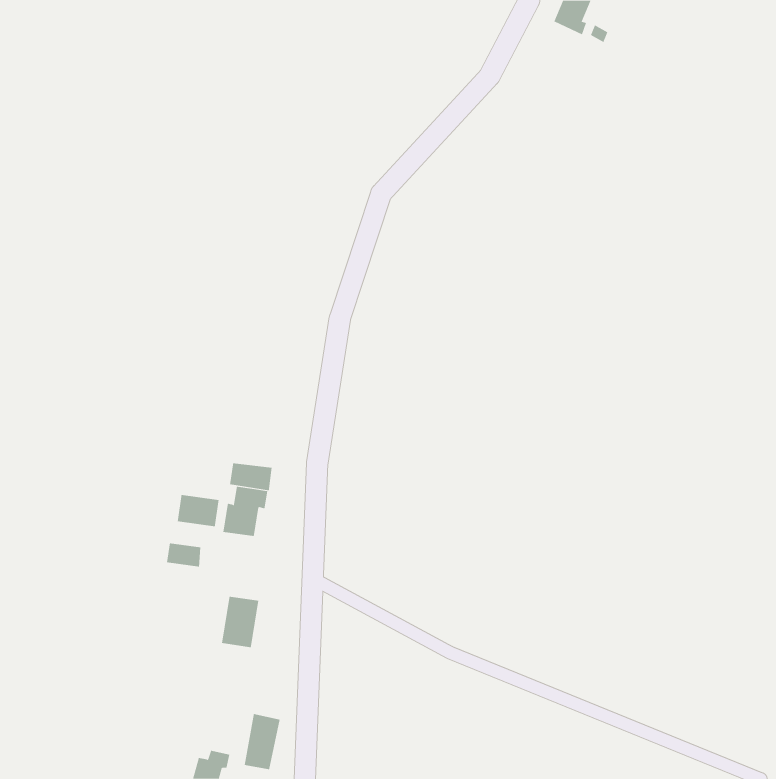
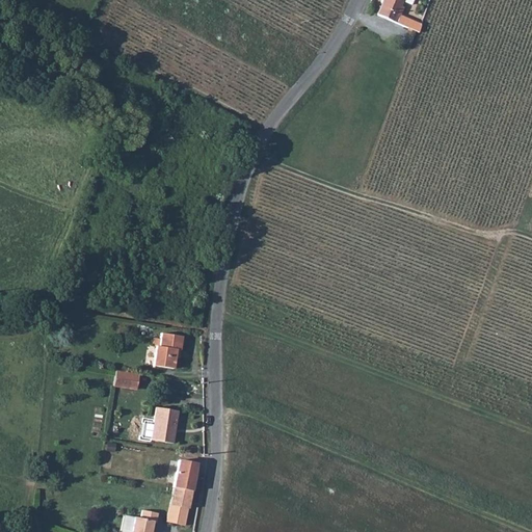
building: [229,462,272,491] -> none
building: [177,494,219,527] -> none
building: none -> [175,461,196,490]

